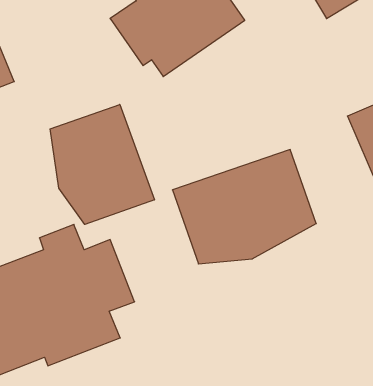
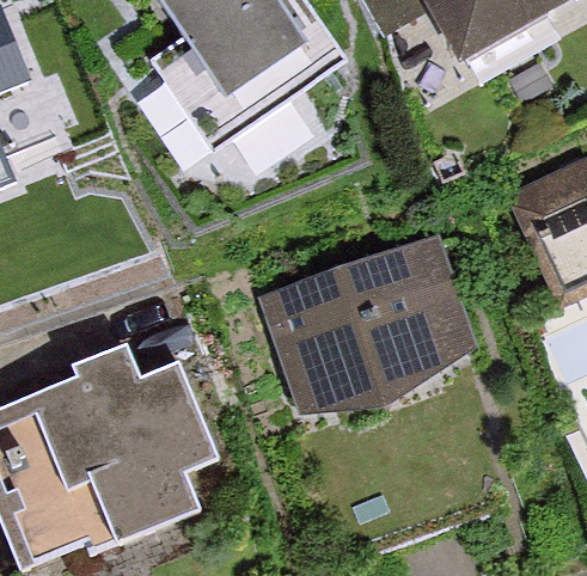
building: [50,104,154,224] -> none

